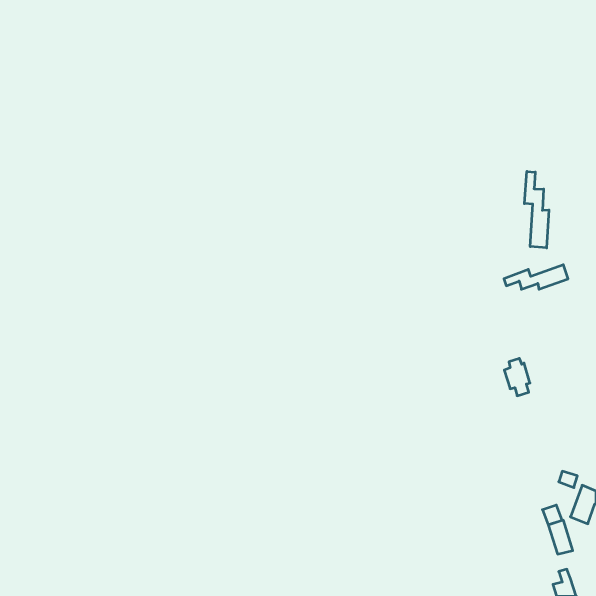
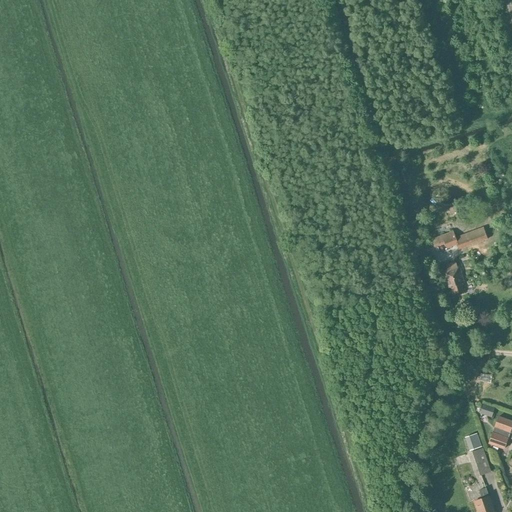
building: [524,171,549,248] -> none
building: [504,358,530,396] -> [442,262,464,294]

